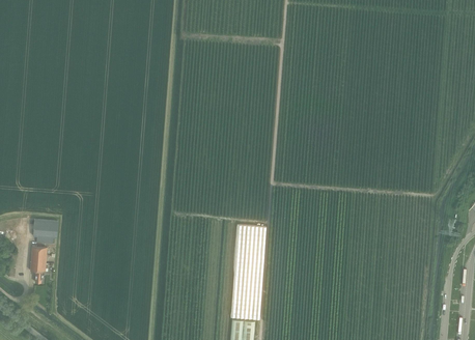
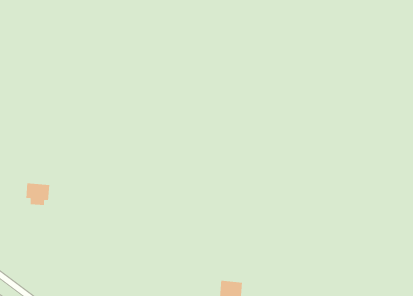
building: [30,246,47,282] -> none

